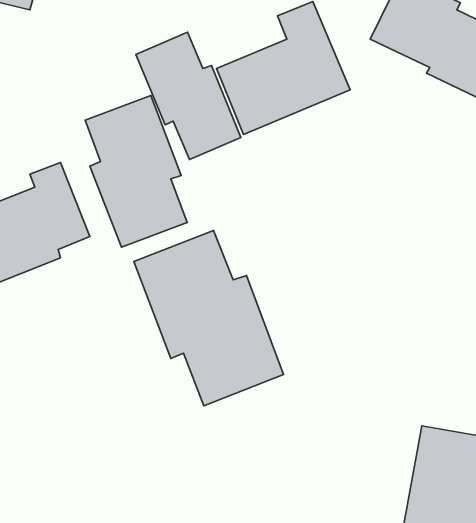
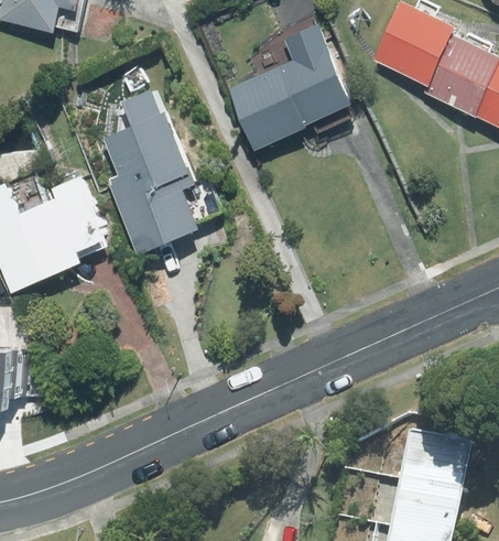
building: [136,32,241,159] -> none
building: [134,230,283,406] -> none

